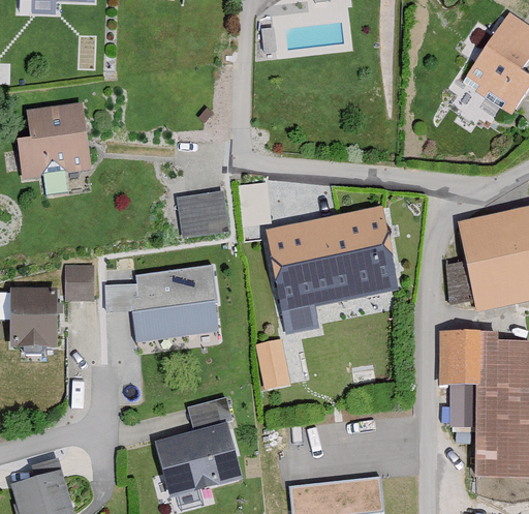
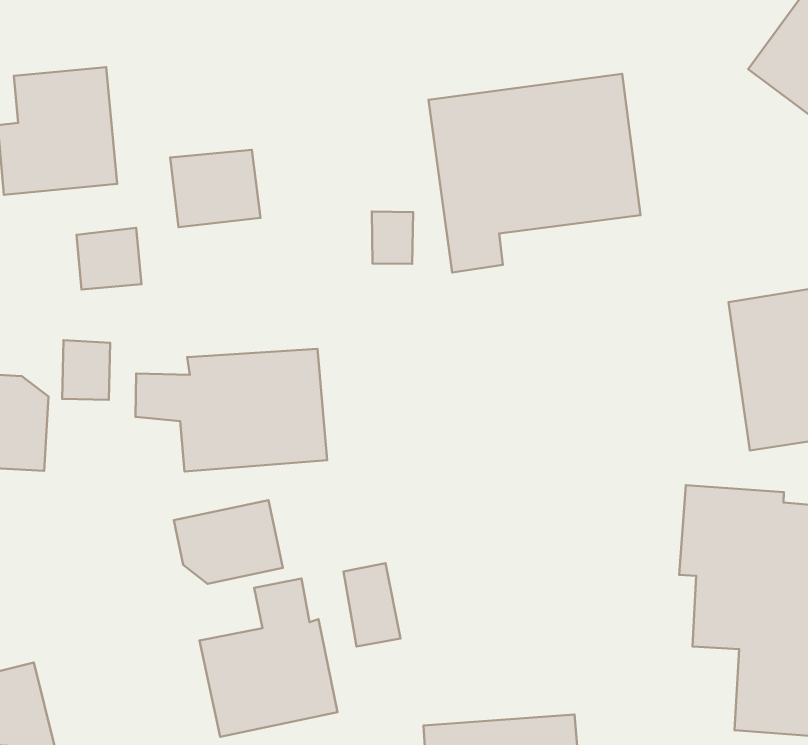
building: [173,191,228,240] -> [170,150,260,227]
building: none -> [77,228,142,289]
building: [267,209,397,333] -> [429,74,640,273]
building: [258,337,294,388] -> [343,563,400,647]
building: none -> [174,500,283,584]

